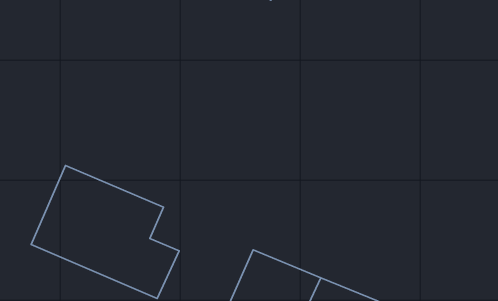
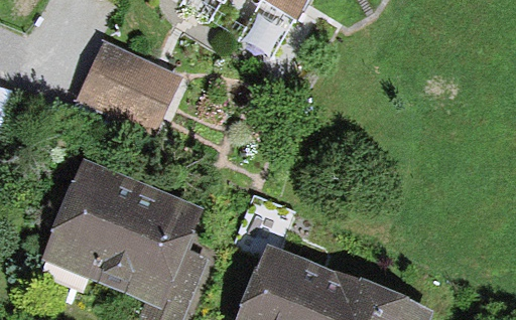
building: none -> [88,44,170,120]

